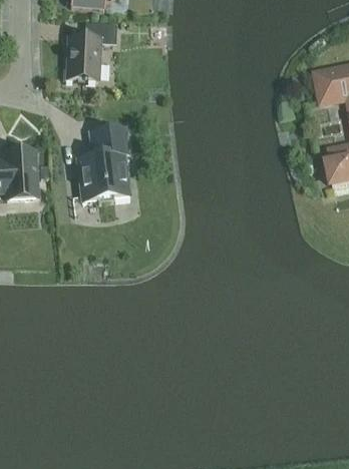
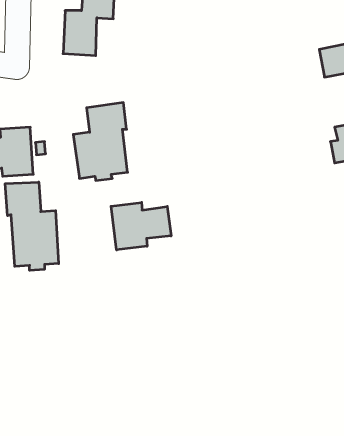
building: none -> [5,182,59,270]
building: none -> [111,202,171,250]

